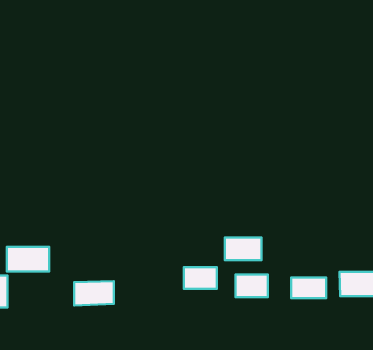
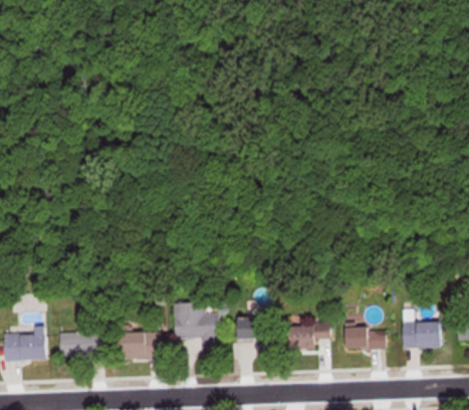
building: [225,238,261,260] -> none
building: [7,247,49,271] -> [57,333,102,359]
building: none -> [171,302,220,348]

